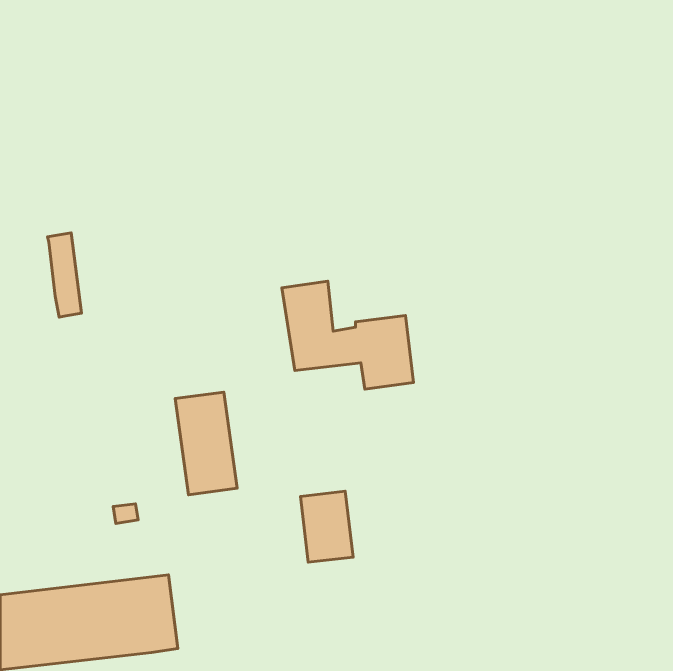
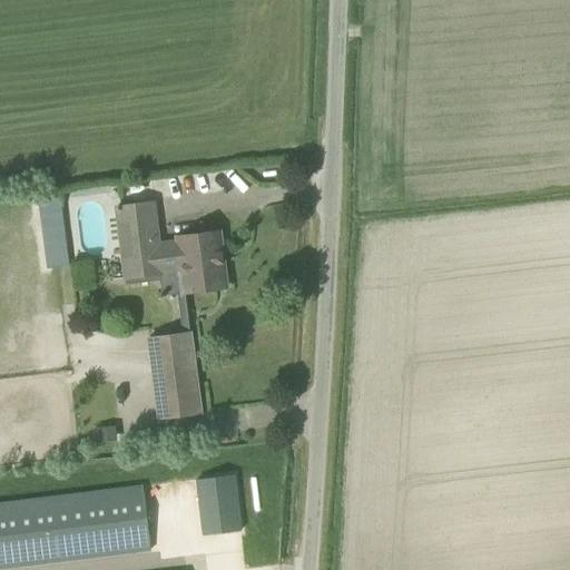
building: [282,281,413,389] -> [115,202,226,293]
building: [300,491,353,562] -> [196,475,240,535]

